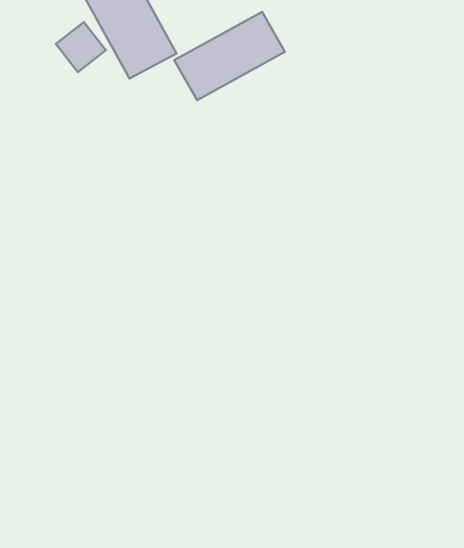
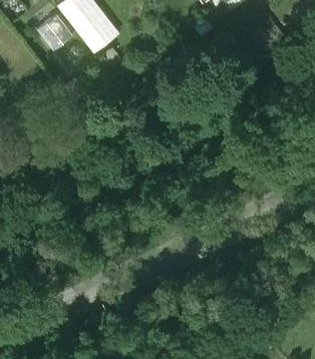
building: [174,12,285,100] -> none

